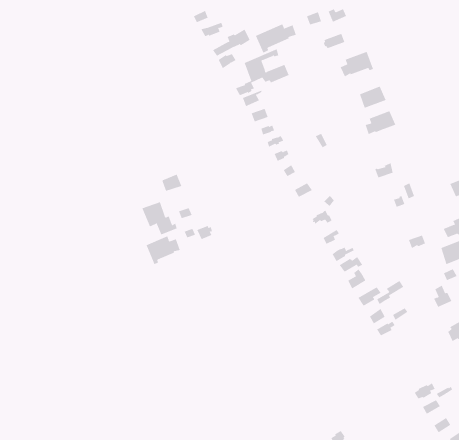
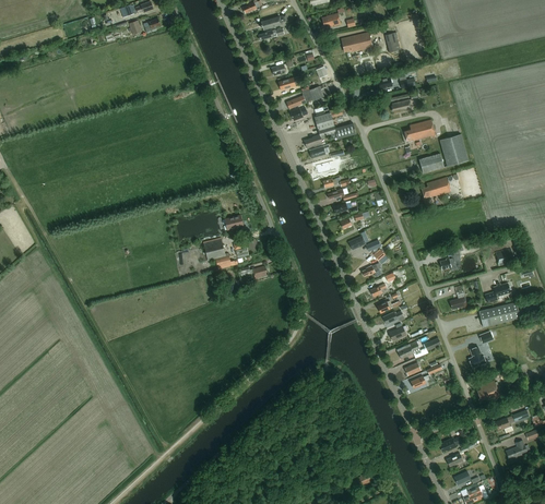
building: [255,23,297,53] -> none
building: none -> [440,133,469,165]
building: [146,236,180,265] -> none

